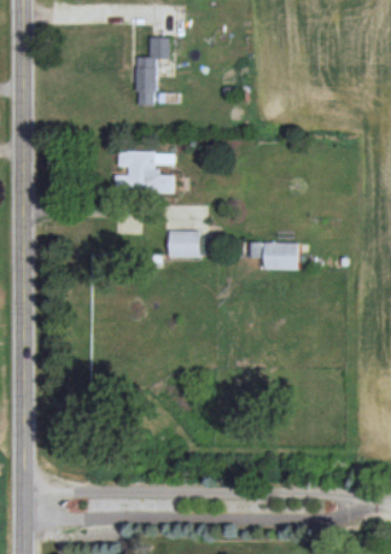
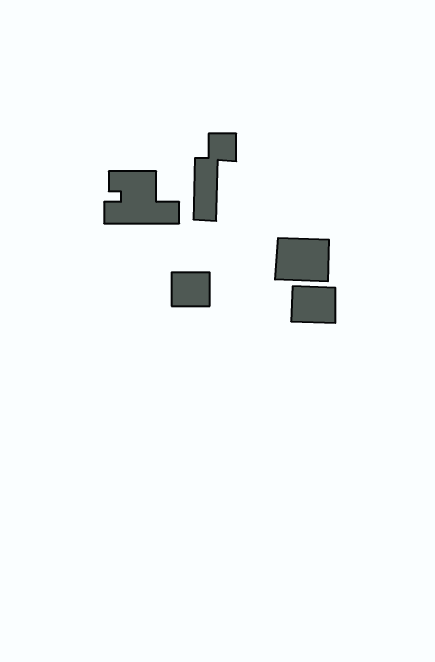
building: [136,37,170,106] -> [193,134,236,221]
building: none -> [275,238,329,281]

